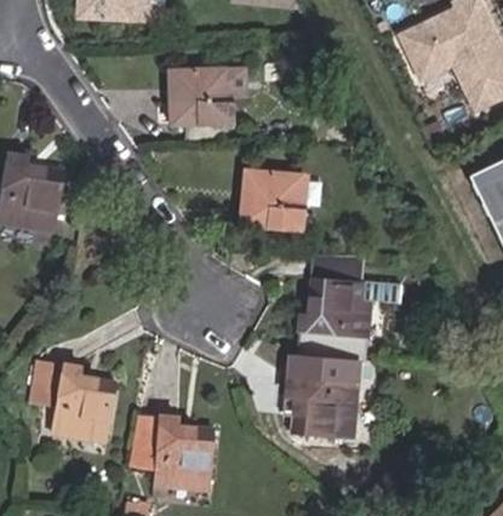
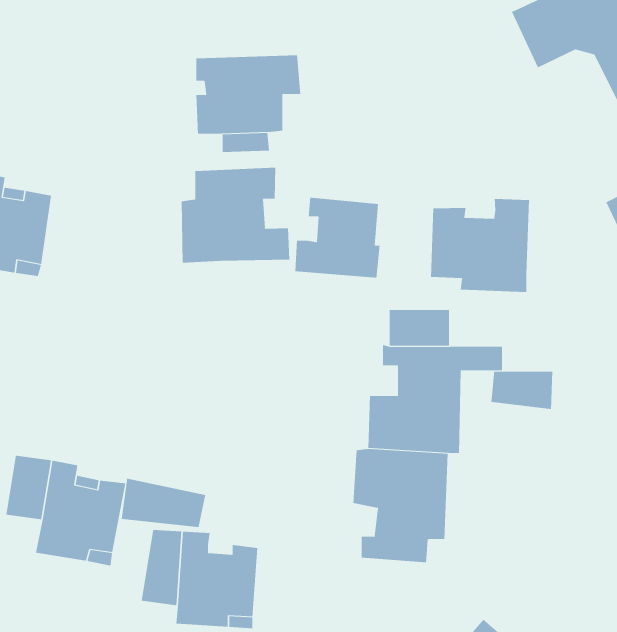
building: none -> [181,167,290,264]
building: none -> [430,198,530,293]
building: none -> [491,371,553,410]
building: none -> [121,478,206,528]

